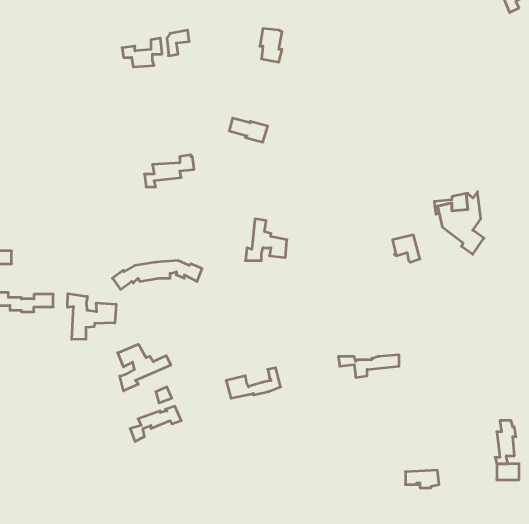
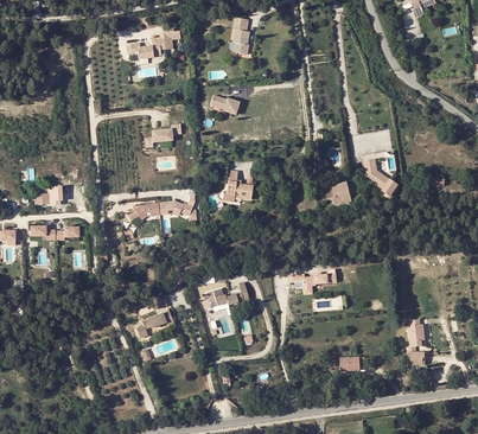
building: [68,294,116,339] -> none
building: [118,344,171,391] -> none

